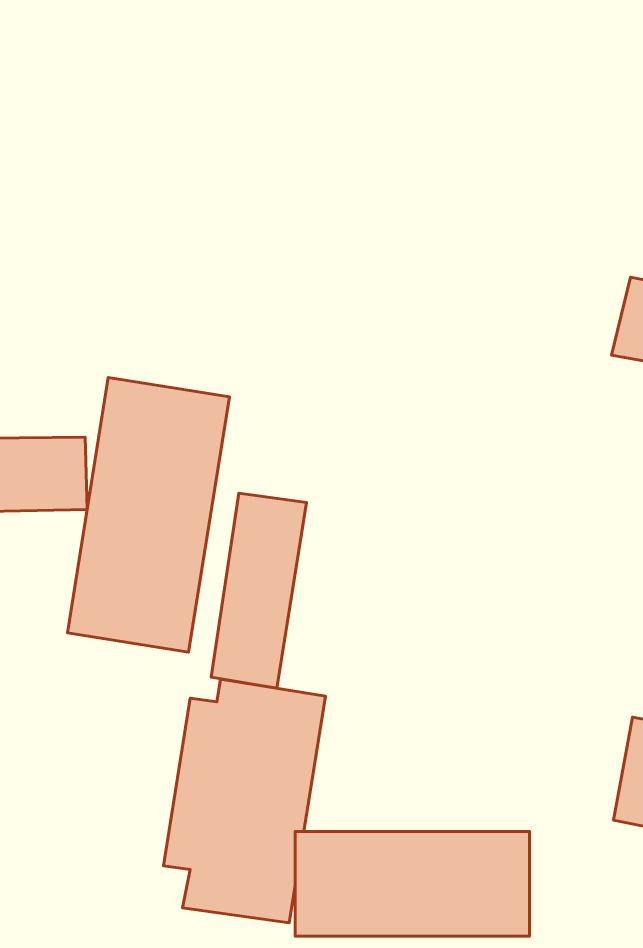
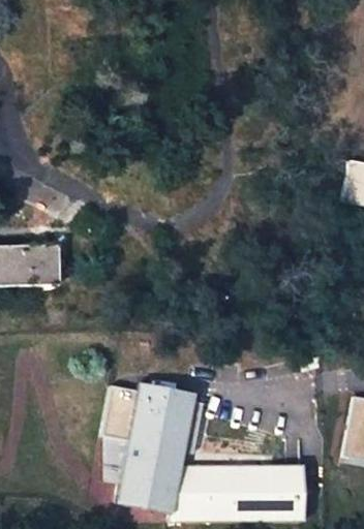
building: [68,378,229,652] -> none
building: [211,493,306,688] -> none

